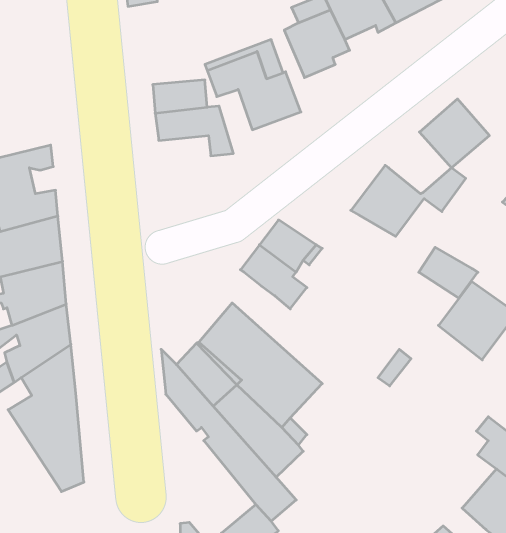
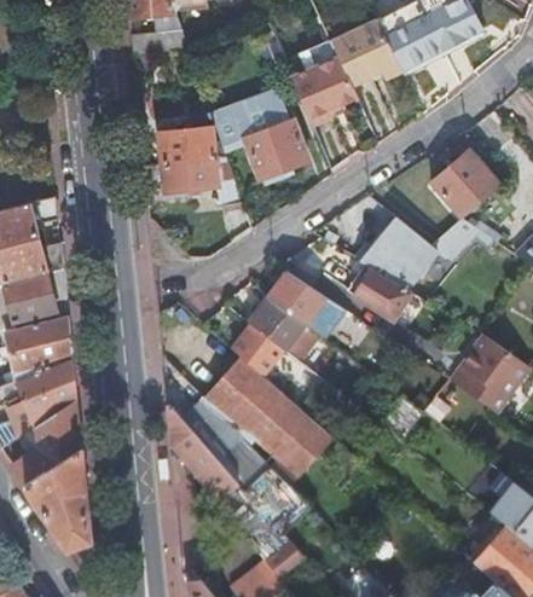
building: [419,247,478,298] -> [352,266,412,318]
building: none -> [231,324,283,373]

